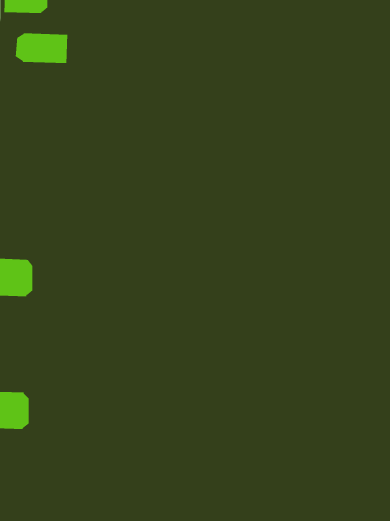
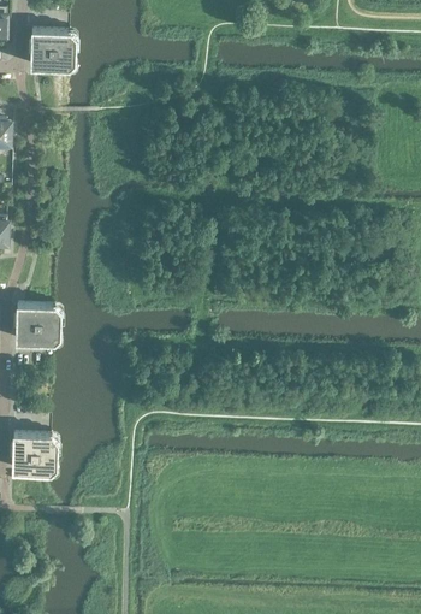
building: [15,33,68,64] -> none

